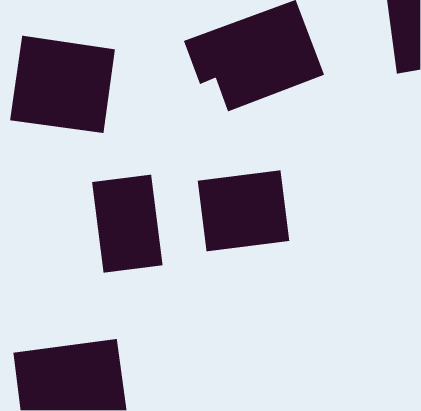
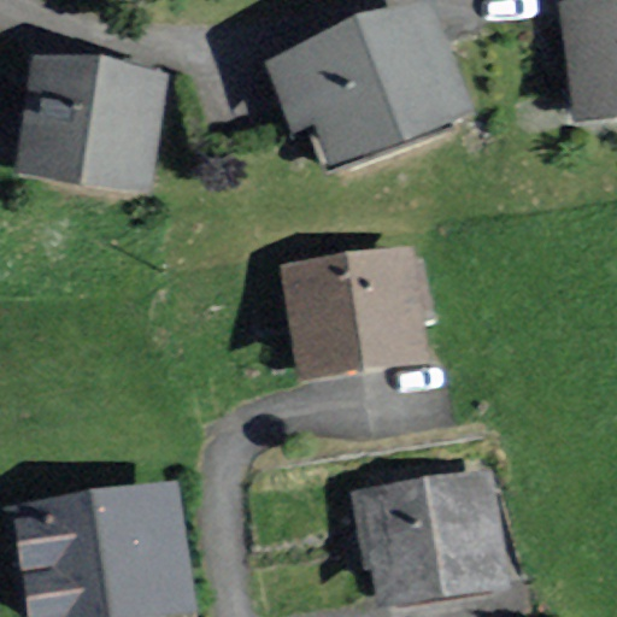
building: [91,174,164,274] -> none
building: none -> [362,475,498,592]

